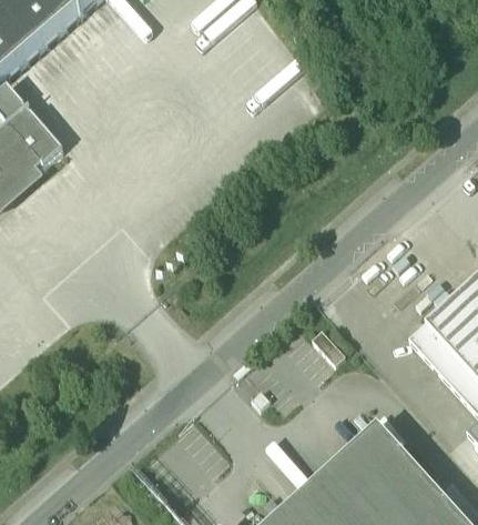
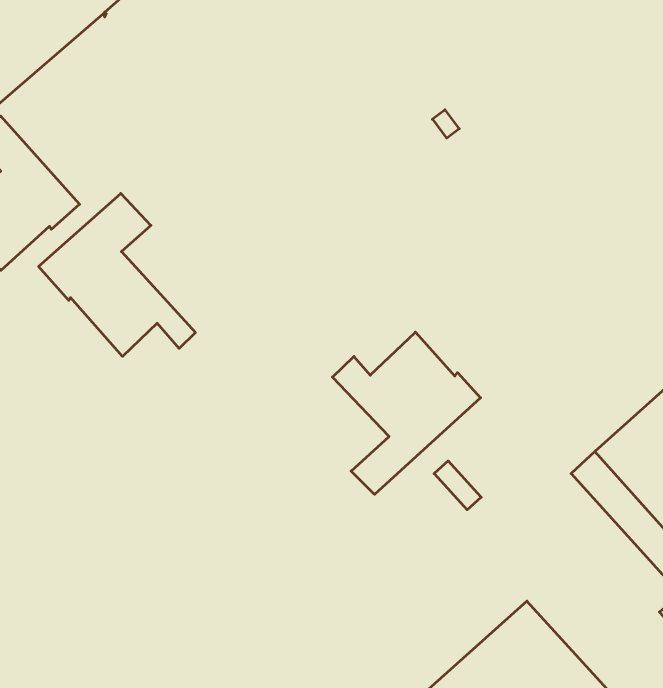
building: none -> [39,193,195,356]
building: none -> [332,332,481,494]

